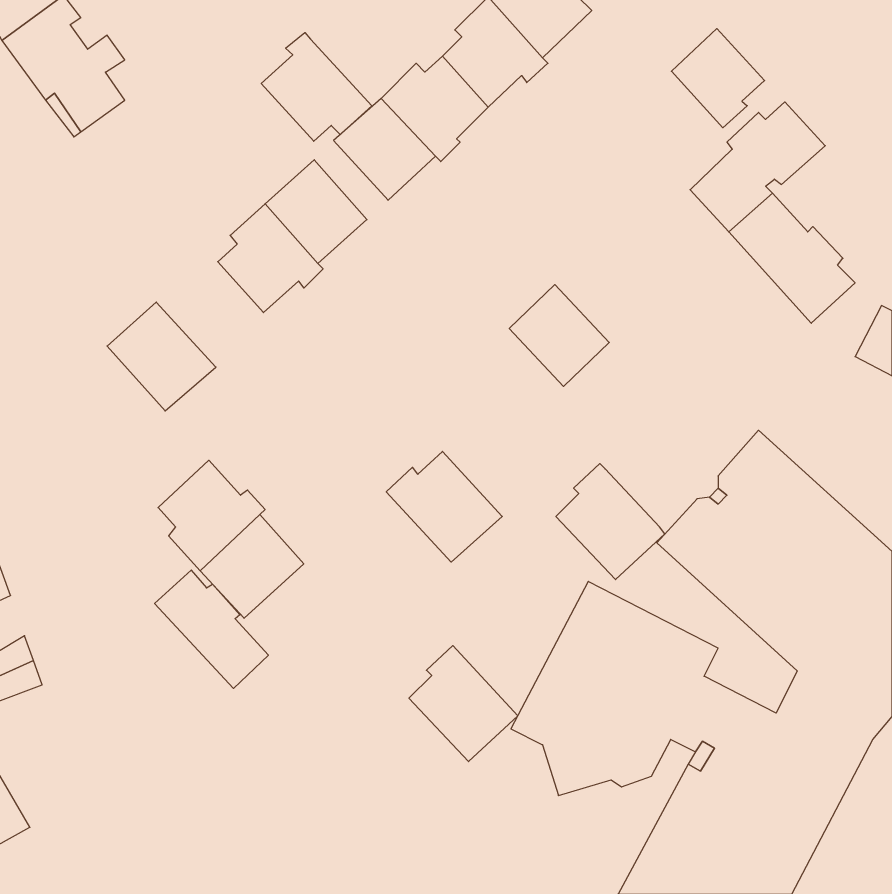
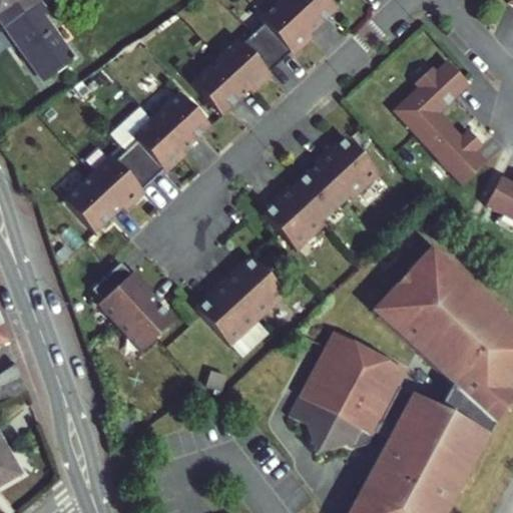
building: [671,29,765,128] -> none
building: [261,33,372,141] -> none
building: none -> [314,136,380,199]
building: none -> [89,149,150,209]
building: [556,464,665,580] -> [263,184,325,250]
building: [155,570,268,688] -> none
building: [409,646,518,762] -> [195,281,258,347]

